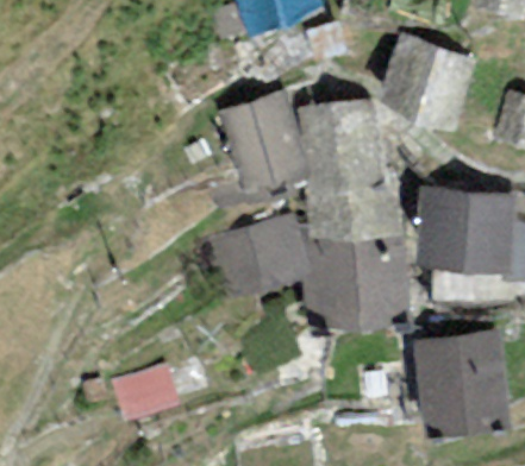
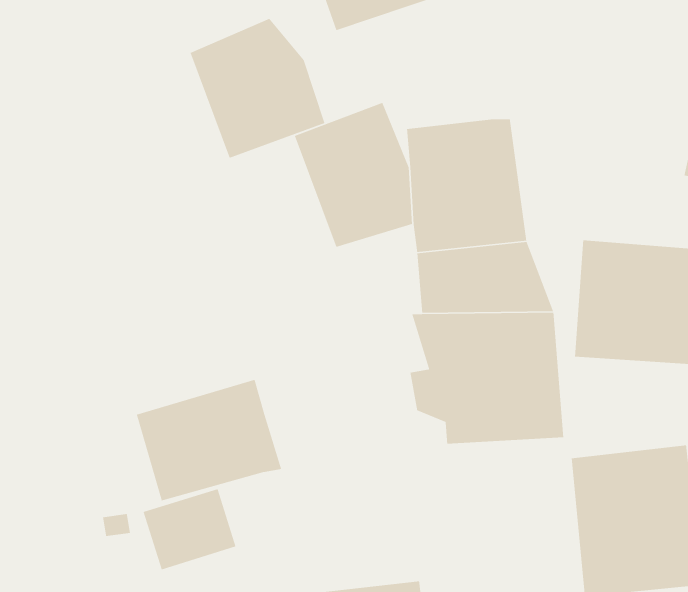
building: none -> [190,18,326,159]
building: [377,32,475,131] -> none
building: [212,213,315,300] -> [136,379,282,501]

